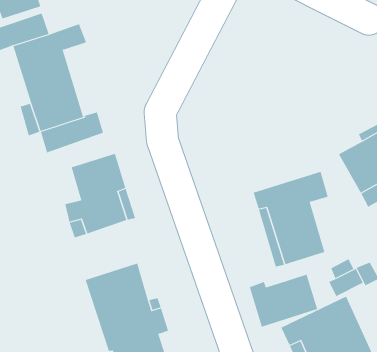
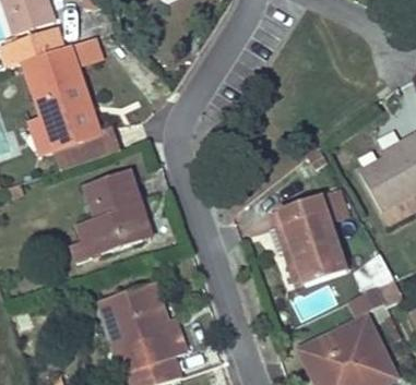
building: [249,274,318,327] -> none

